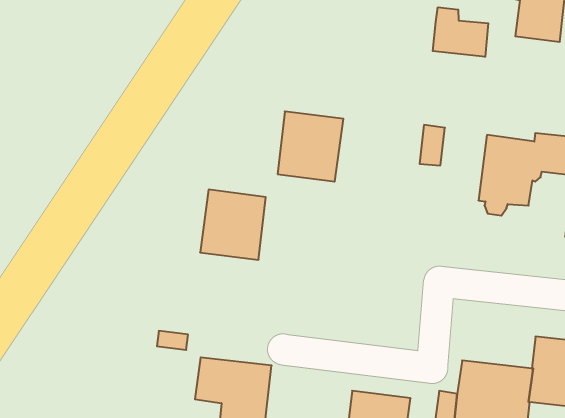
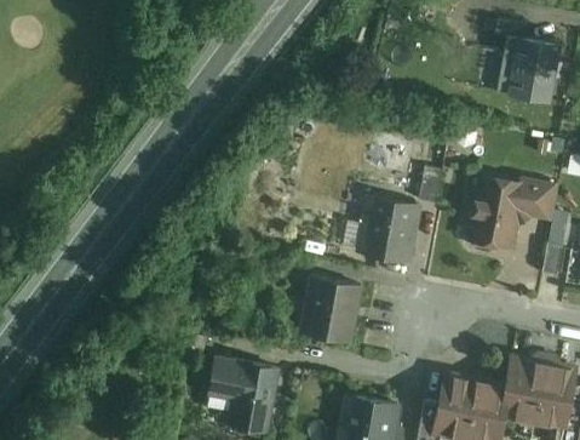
building: [433,7,488,57] -> none
building: [278,111,343,182] -> [358,198,419,262]
building: [200,190,266,260] -> [300,278,361,342]

